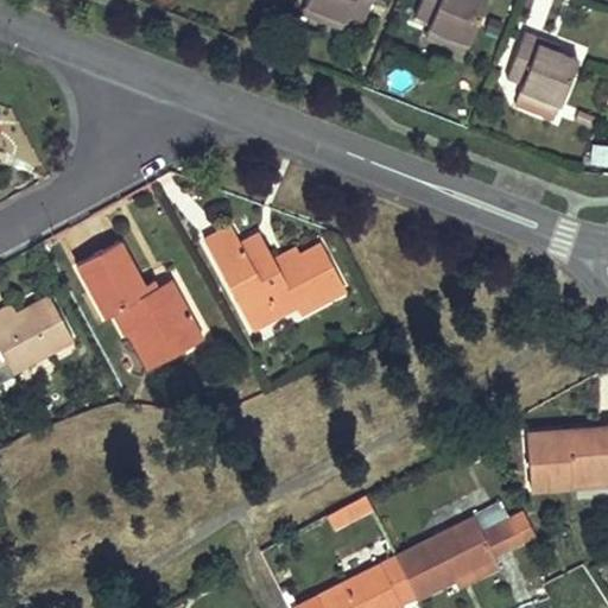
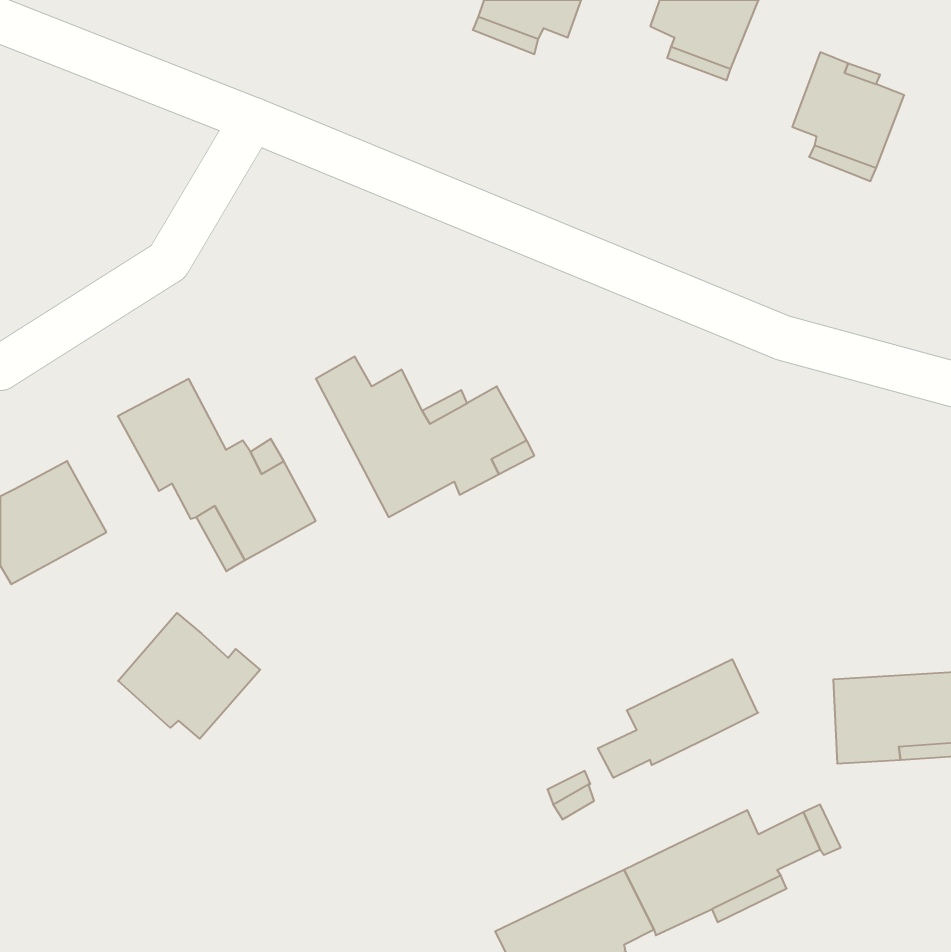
building: none -> [118,613,260,739]
building: none -> [598,659,758,778]

